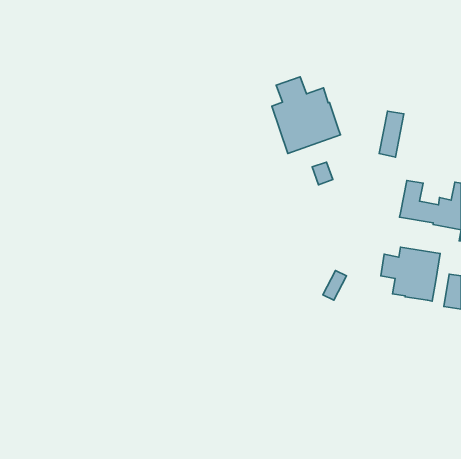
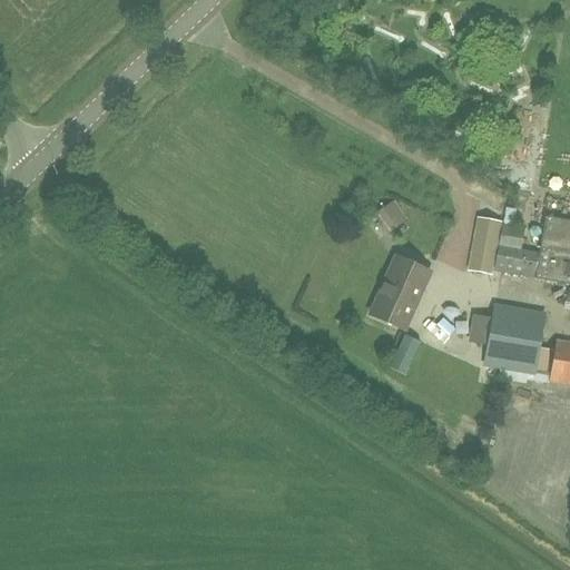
building: [272,77,341,153] -> none
building: [379,111,404,157] -> [471,216,501,273]
building: none -> [370,256,429,328]

